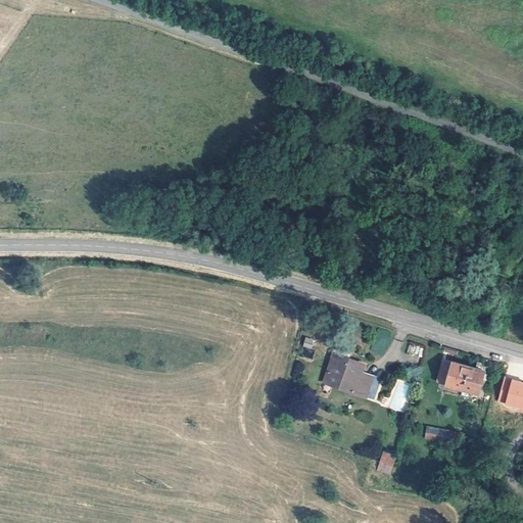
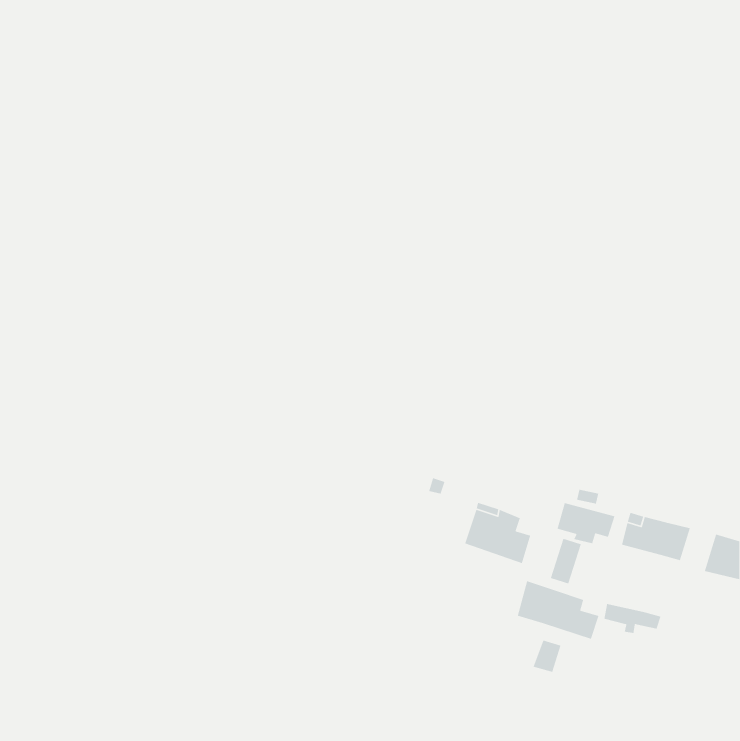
building: none -> [557,502,615,544]
building: none -> [517,580,600,640]

